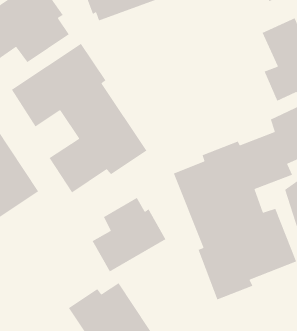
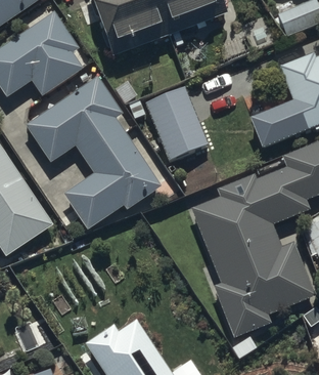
building: none -> [143,85,208,160]
building: [91,197,166,273] -> none

